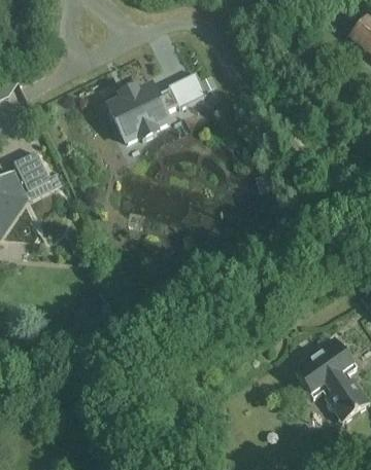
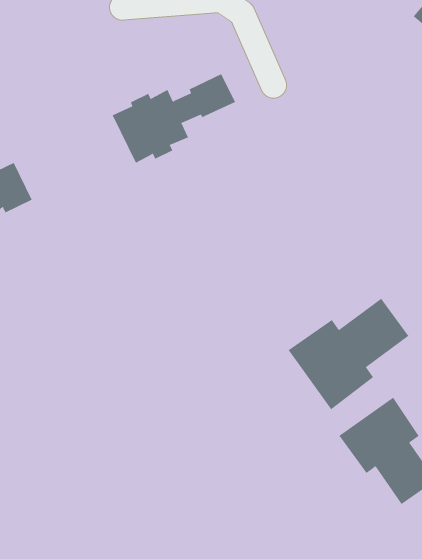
building: none -> [288,298,409,410]

